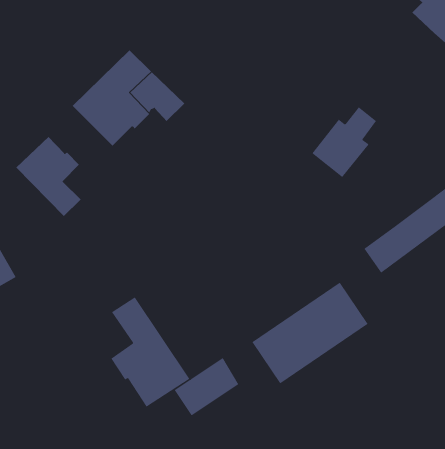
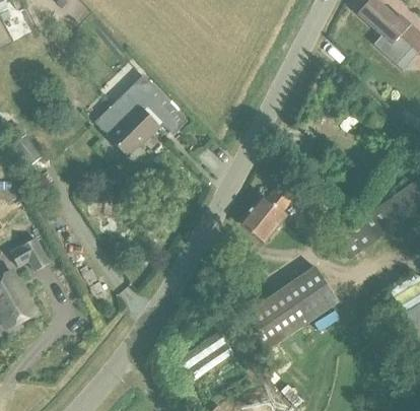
building: [312,106,377,178] -> [238,183,292,242]
building: [16,136,82,217] -> none
building: [110,296,190,408] -> none

